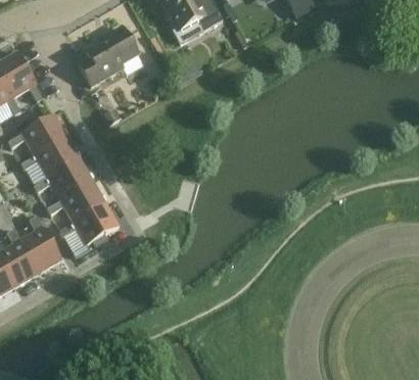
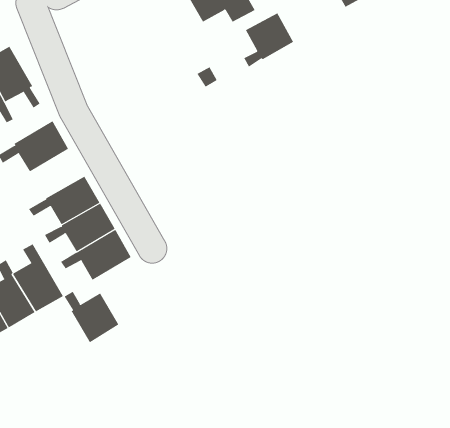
building: none -> [243,13,294,68]
building: [77,27,138,88] -> none
building: [20,136,80,177] -> none
building: none -> [64,291,119,343]

